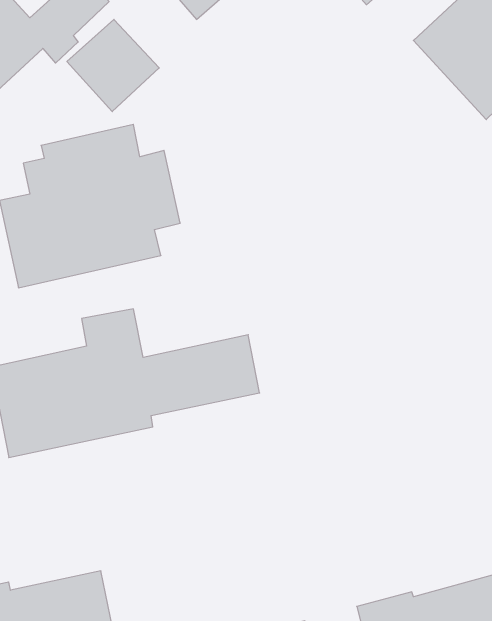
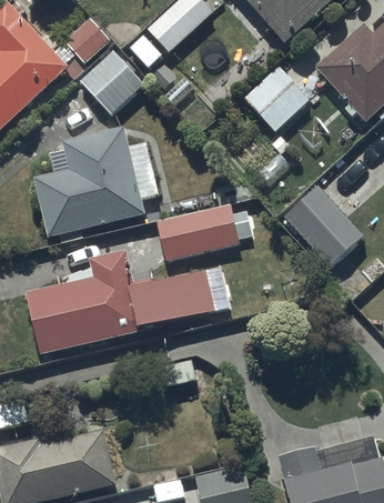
building: none -> [243,66,310,132]
building: none -> [285,184,364,266]
building: none -> [158,198,264,262]

